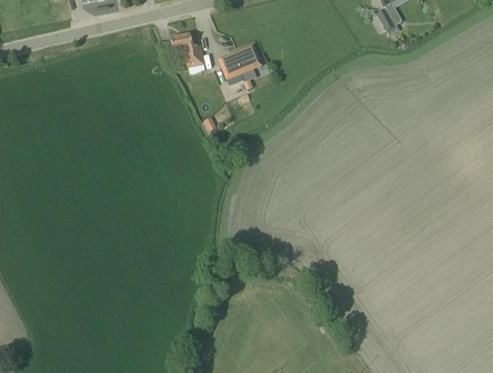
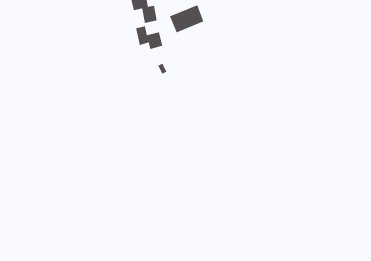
building: none -> [135,26,163,50]

